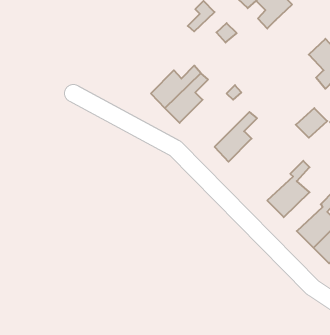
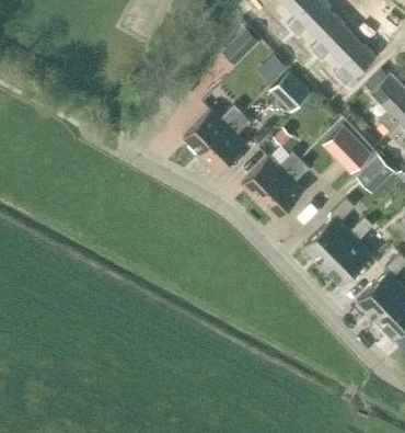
building: none -> [332,33,375,87]
building: none -> [268,71,309,111]
building: none -> [323,126,371,173]
building: none -> [242,151,301,202]
building: none -> [303,198,355,265]

